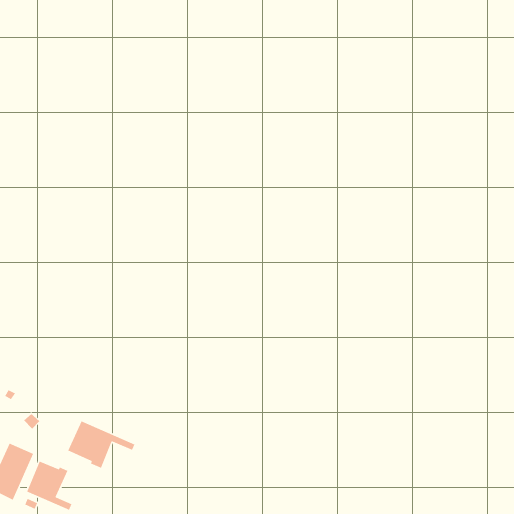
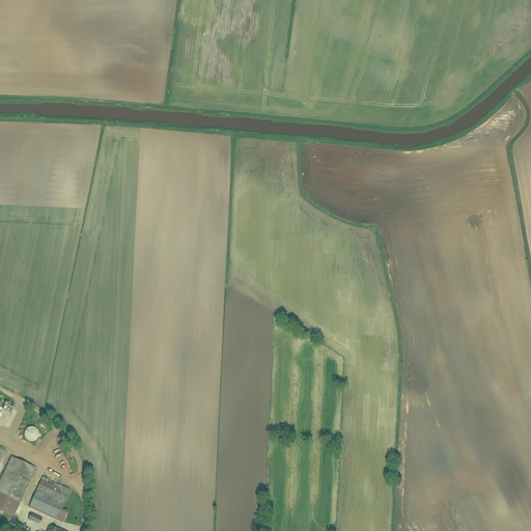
building: [67,420,136,469] -> none

